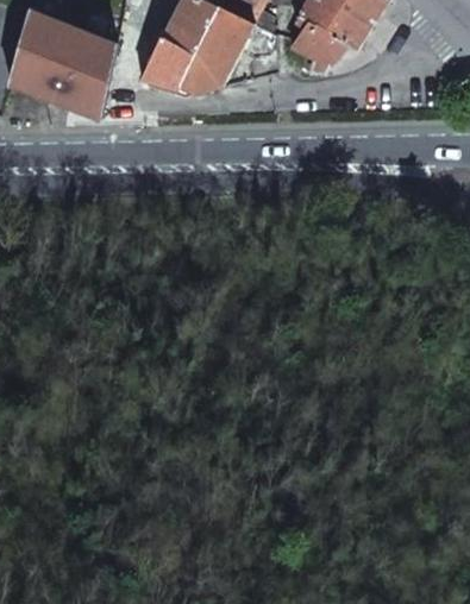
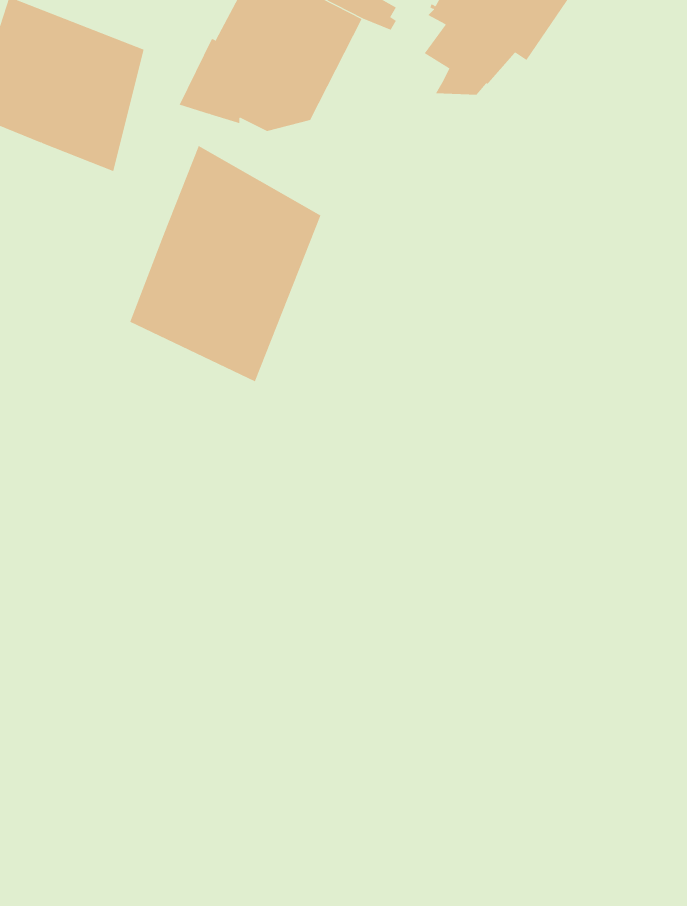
building: none -> [129,145,321,382]

